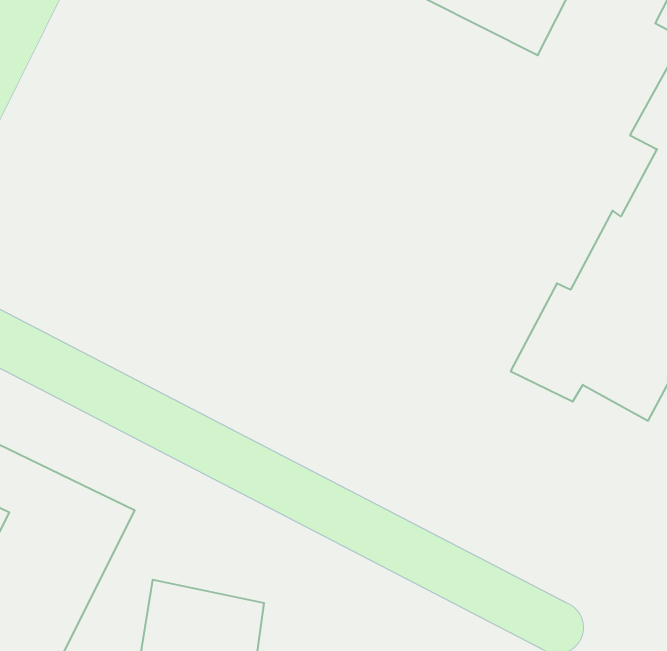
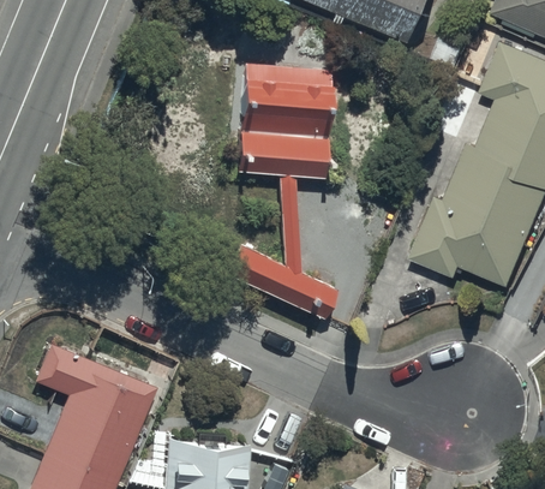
building: none -> [227,70,336,311]

